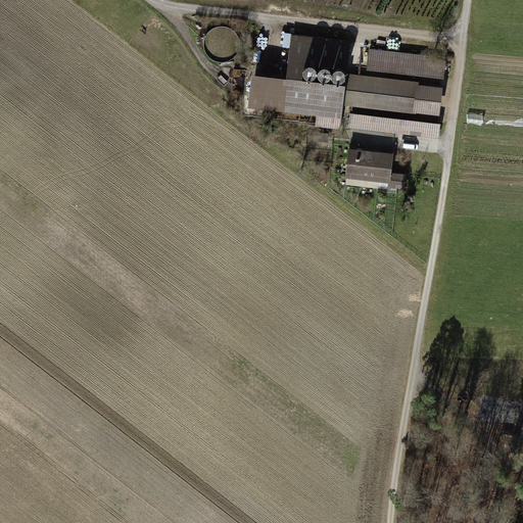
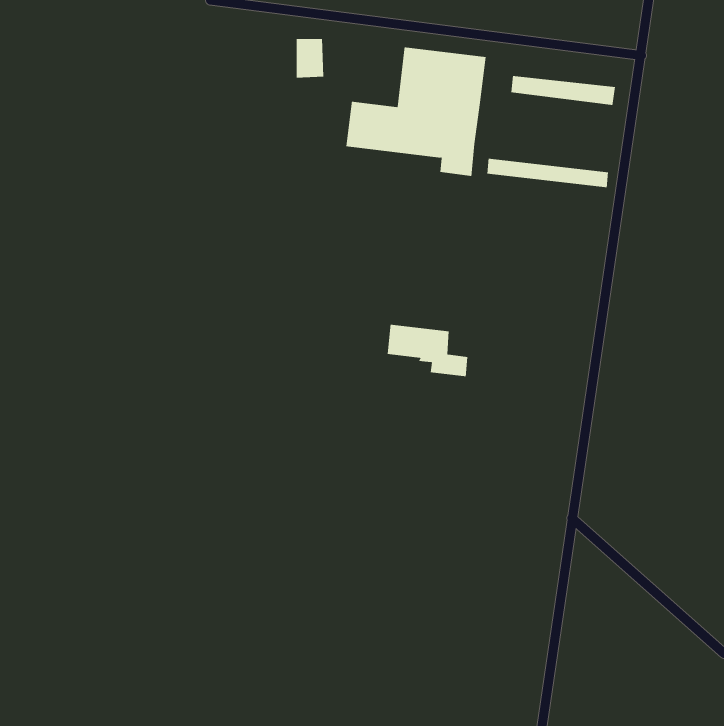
building: [341,75,436,112] -> none
building: [345,151,403,189] -> [387,324,468,377]

